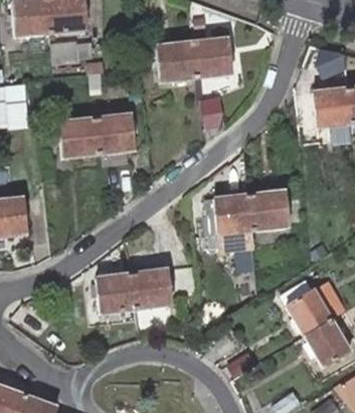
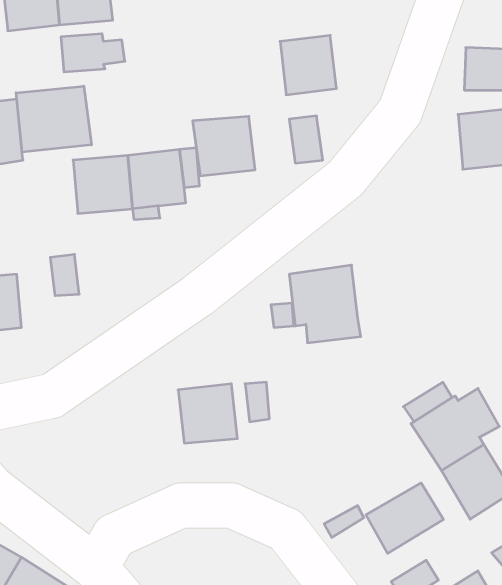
building: [160,45,201,84] -> [193,116,255,176]
building: none -> [16,86,91,152]
building: [244,190,285,228] -> none
building: [94,275,134,315] -> none
building: none -> [366,483,443,553]

